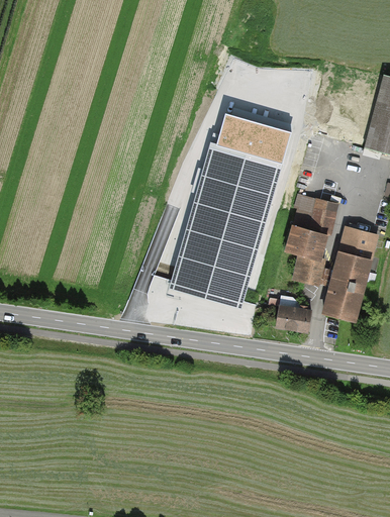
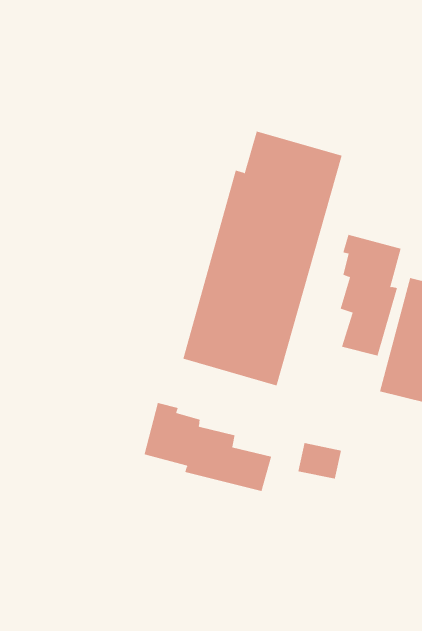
building: [279,304,313,332] -> [297,443,342,479]
building: none -> [144,402,272,492]

